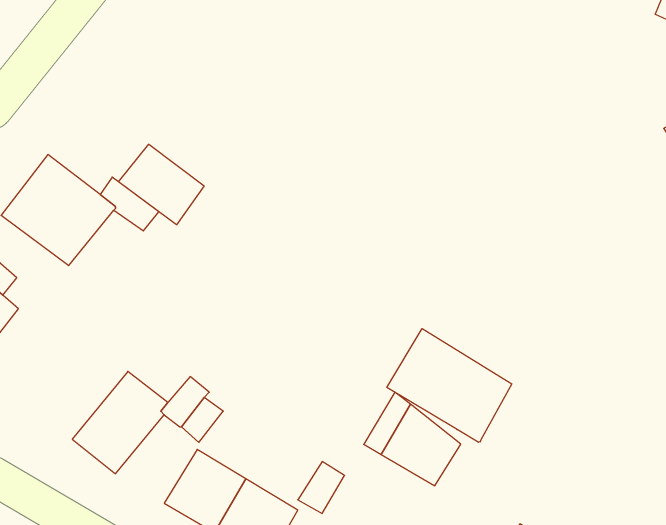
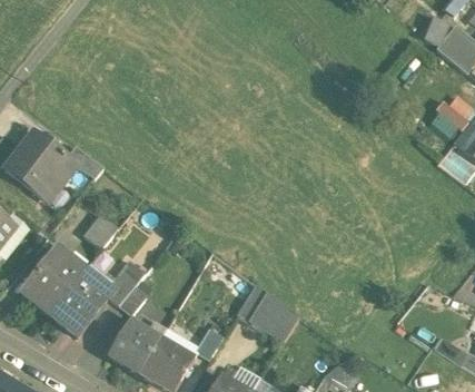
building: [119,144,204,225] -> none
building: none -> [86,212,120,247]
building: [387,329,512,442] -> none
building: none -> [23,245,86,312]

